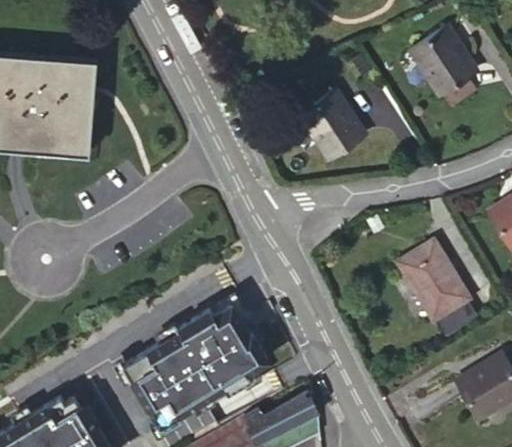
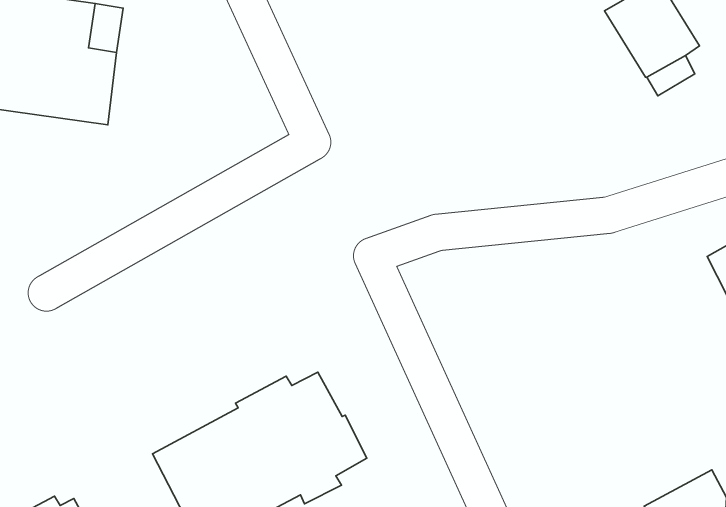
building: [300,90,365,159] -> none
building: [400,241,476,335] -> none

